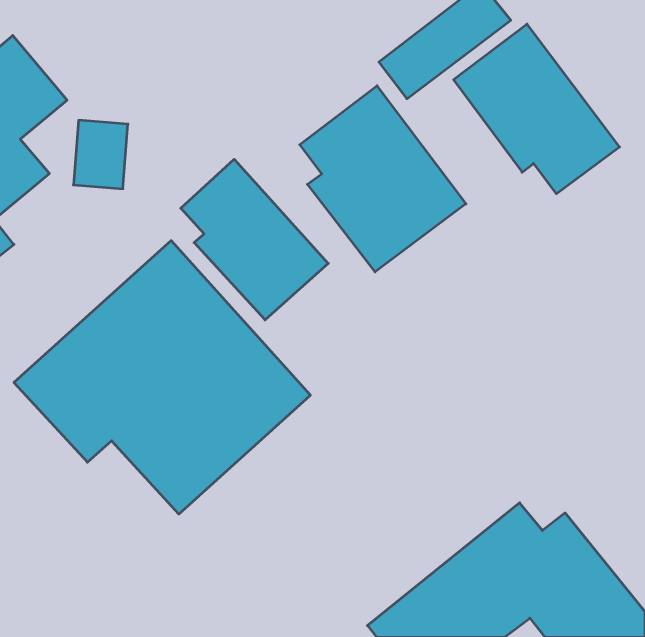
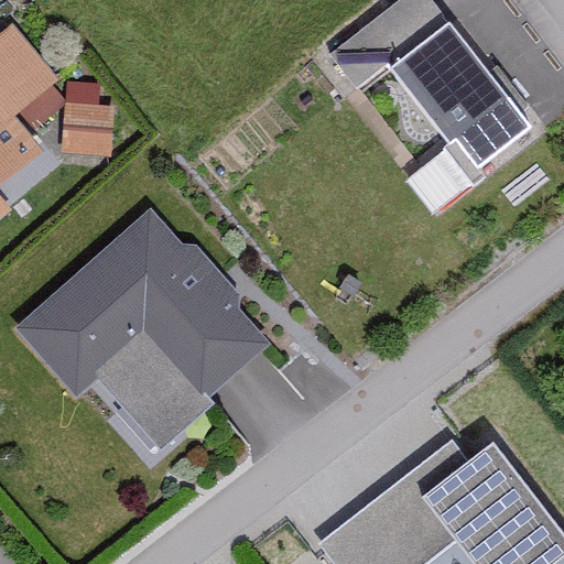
building: [300,86,466,272] -> none
building: [181,159,328,320] -> none

